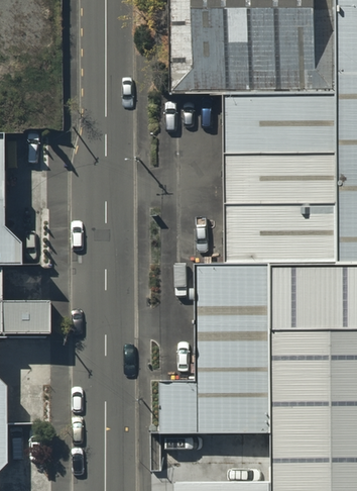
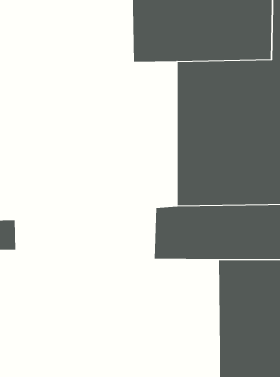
building: [163,326,275,434] -> none

